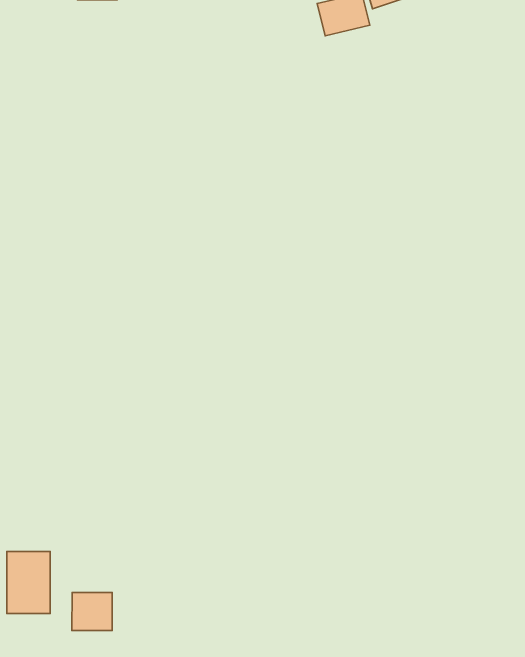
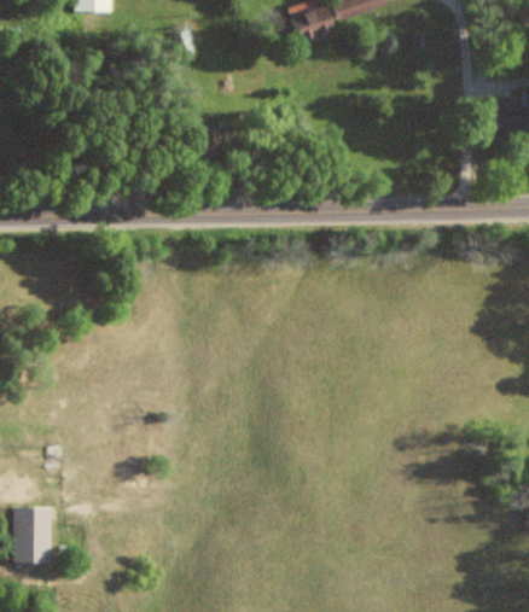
building: [72,592,112,631] -> none

